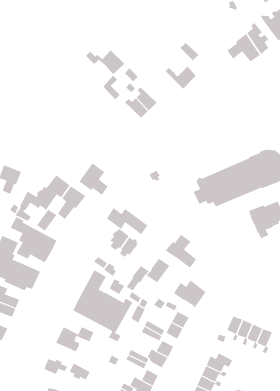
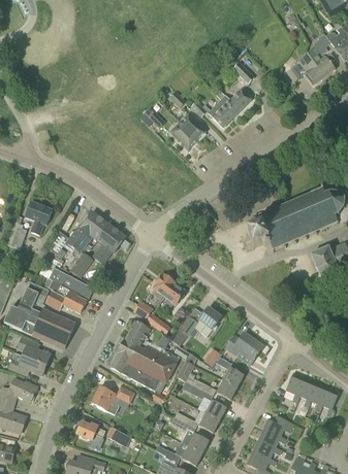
building: [85,49,125,75] -> [191,99,236,128]
building: [79,163,109,196] -> none
building: [106,207,148,235] -> none
building: [165,234,196,268] -> none

